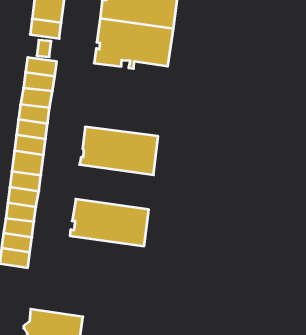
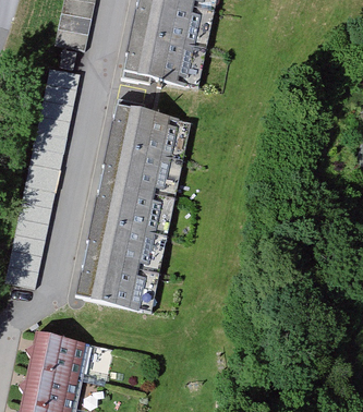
building: none -> [106,98,191,159]
building: none -> [90,183,174,235]
building: none -> [74,257,159,312]

